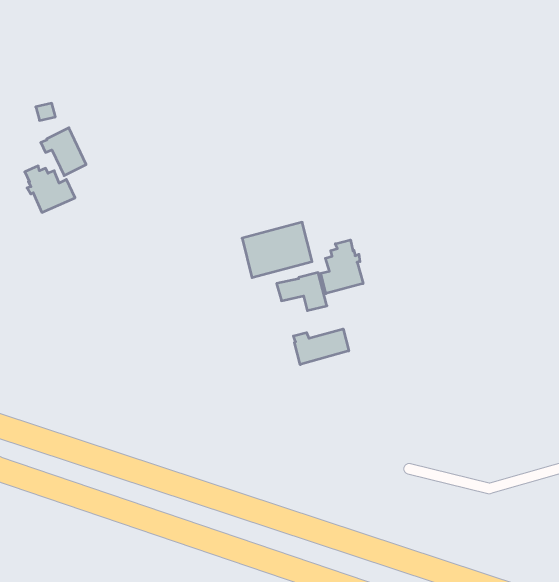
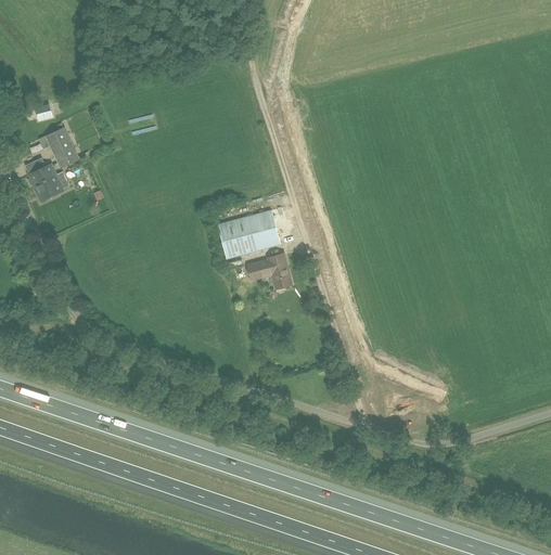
building: [321,240,363,294] -> none
building: [293,329,349,365] -> none

